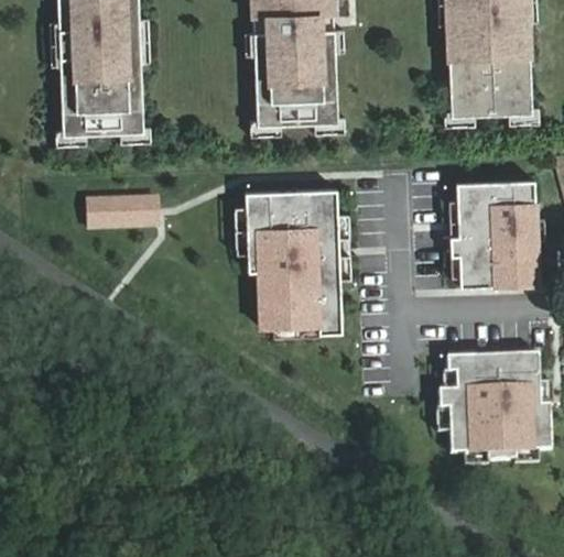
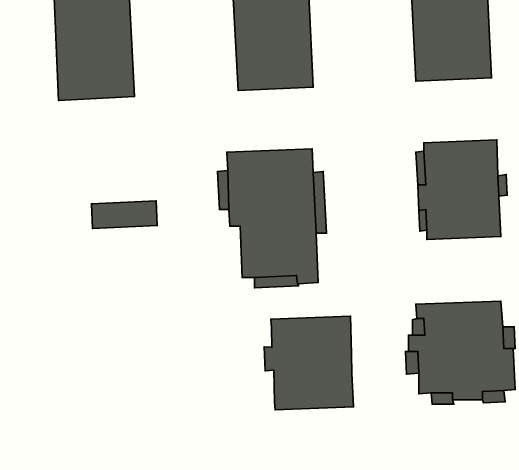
building: [88,197,159,227] -> [91,201,157,229]
building: none -> [264,316,354,410]

